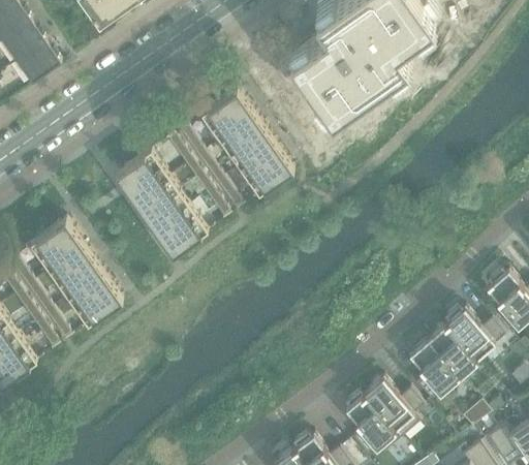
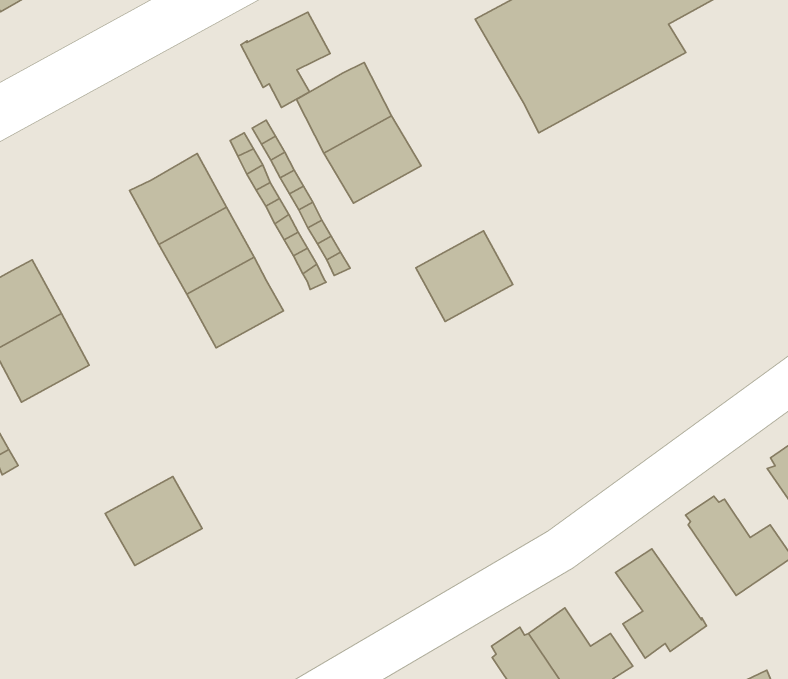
building: none -> [241,12,330,108]
building: [238,147,292,199] -> [416,231,513,322]
building: [66,278,121,330] -> [105,477,202,566]
building: [425,329,474,380] -> none

